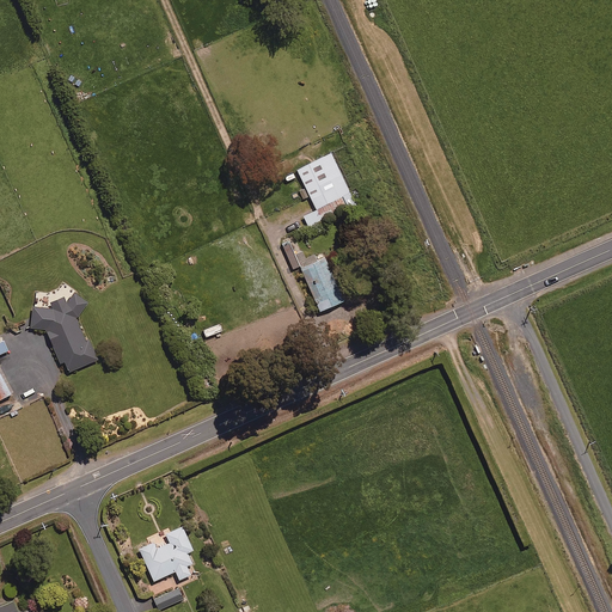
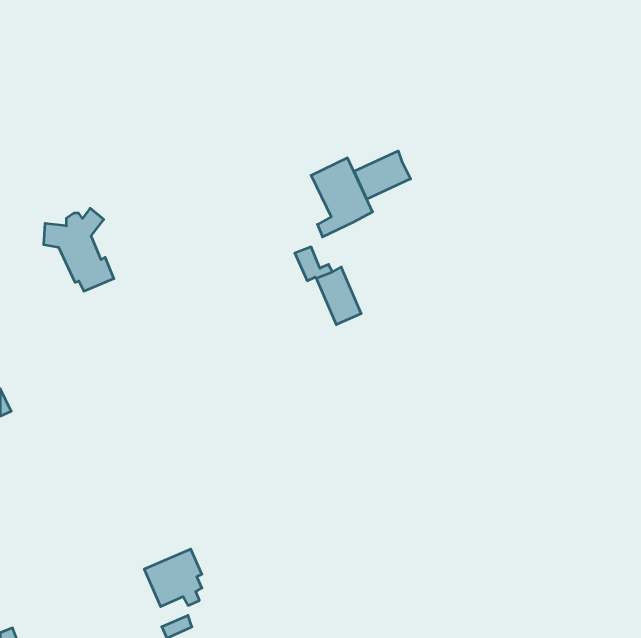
building: none -> [354,151,411,199]
building: [30,293,97,372] -> [44,208,114,291]

